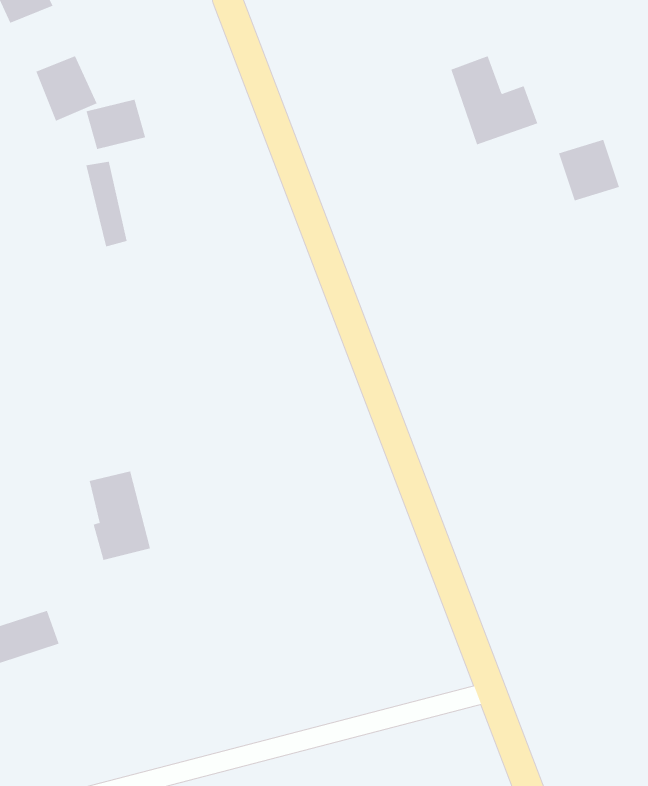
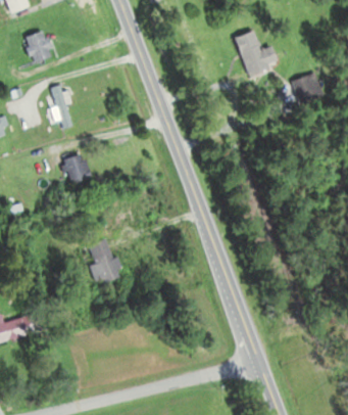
building: [86,99,146,150] -> none
building: none -> [62,152,92,184]
building: [89,471,151,561] -> [89,238,120,284]

